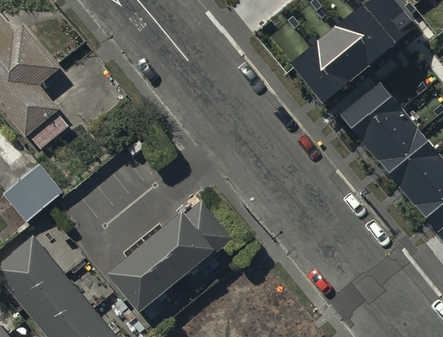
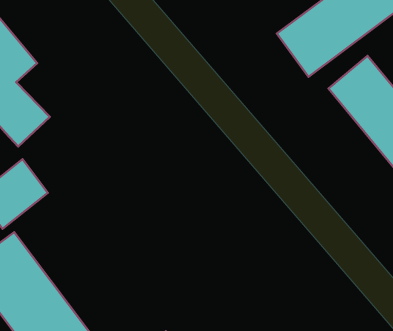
building: [106,199,237,320] -> none

